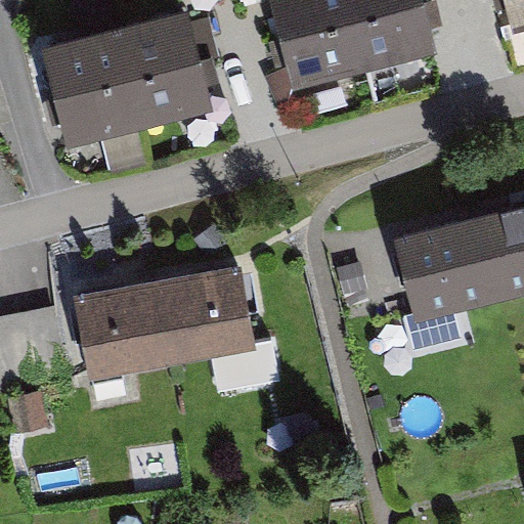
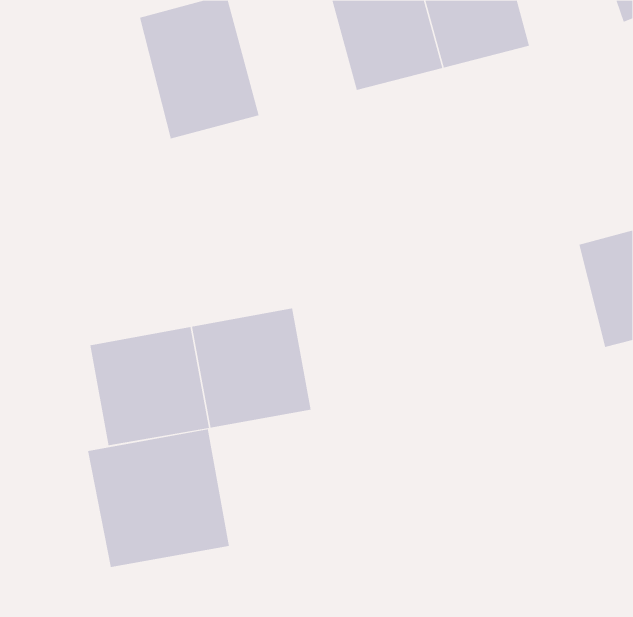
building: [41,29,140,147] -> none
building: [394,216,498,321] -> none
building: none -> [88,429,230,568]

